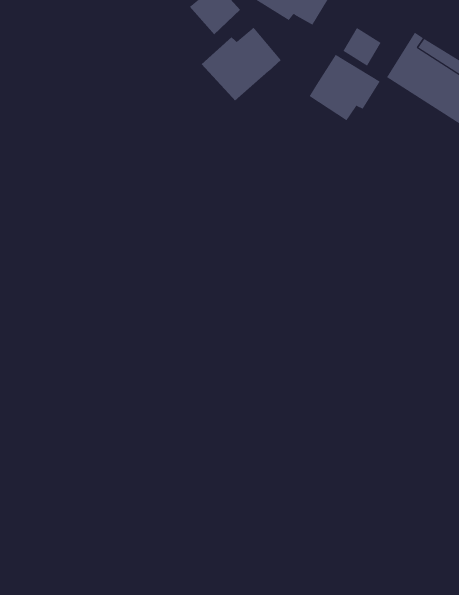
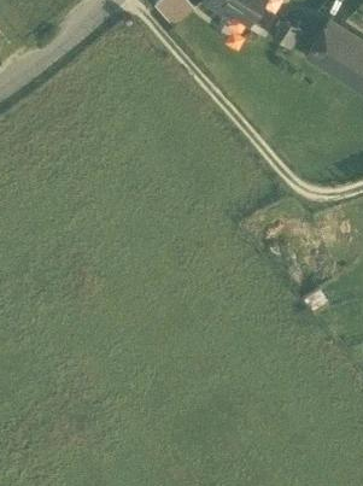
building: [201,27,282,101] -> none
building: [309,54,380,121] -> none

